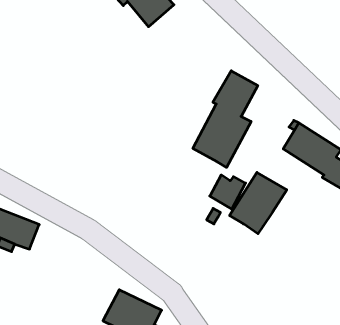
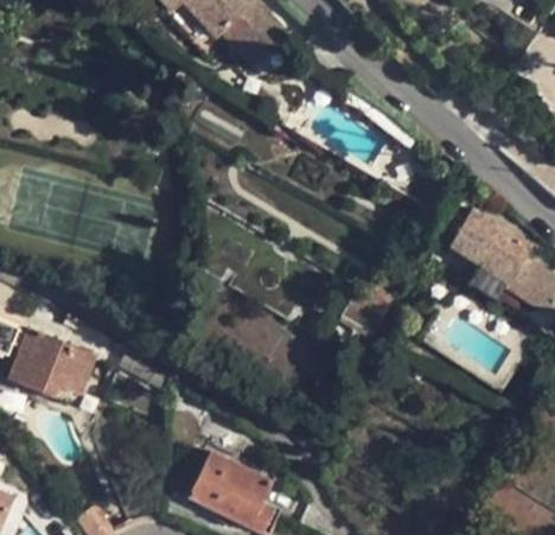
building: [193,71,258,167] -> none
building: [230,172,287,234] -> none

